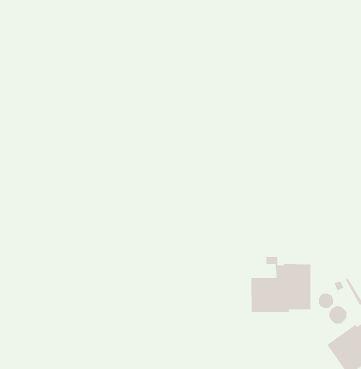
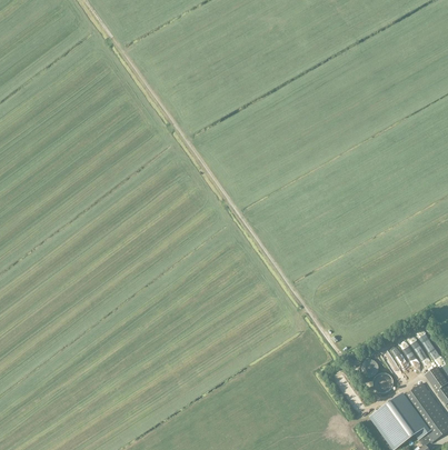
building: [251,256,311,313] -> none

